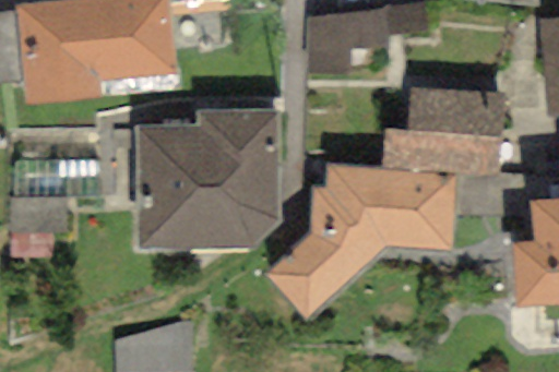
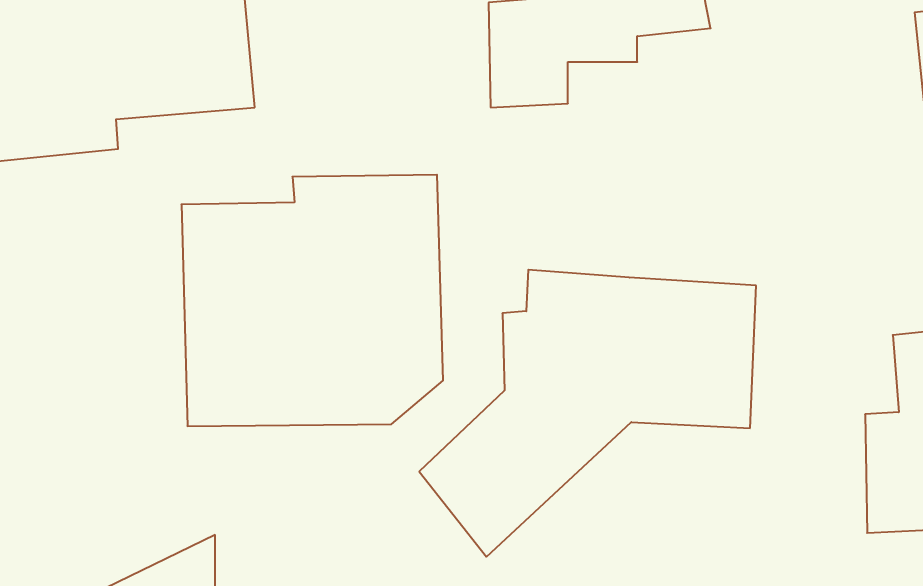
building: [383,87,504,173] -> none

